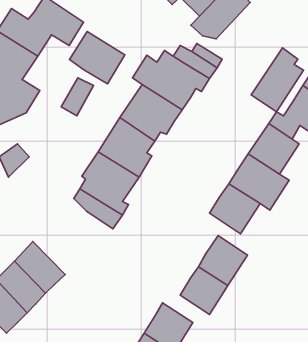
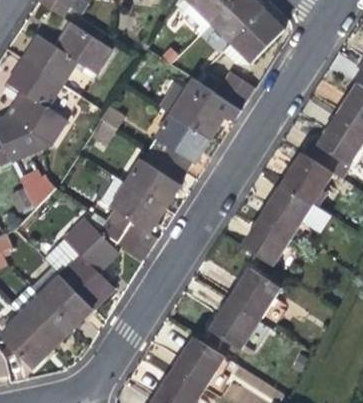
building: [69,32,125,84] -> none
building: [251,48,303,112] -> none
building: none -> [59,218,116,308]

